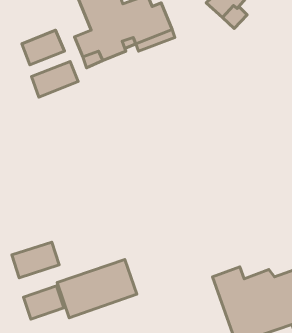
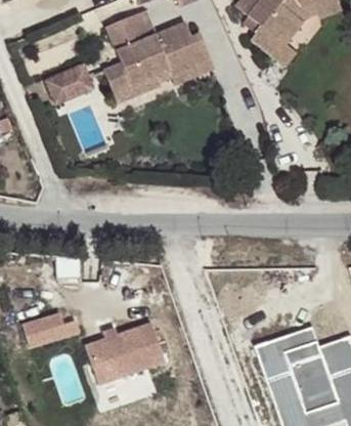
building: [32,62,78,97] -> none
building: [24,286,64,319] -> none

